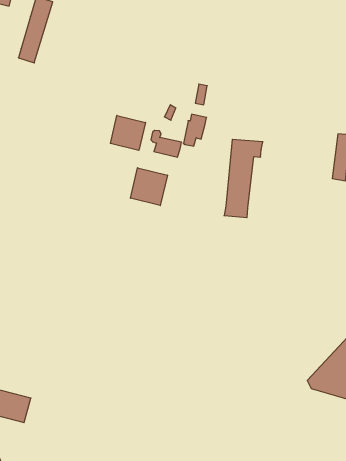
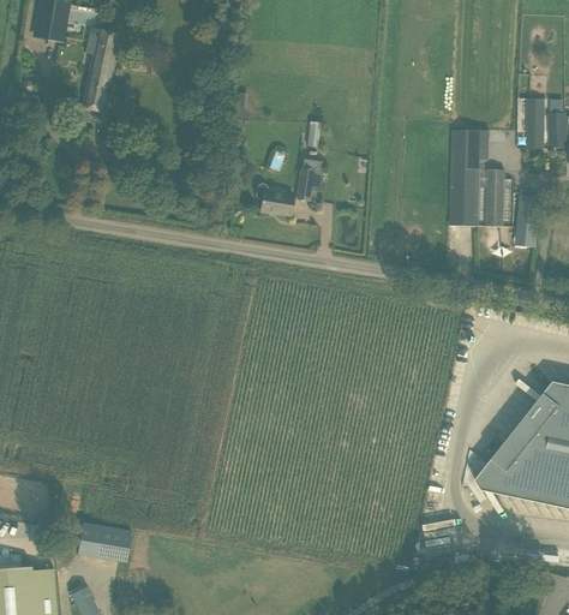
building: [110,115,145,150] -> none
building: [224,139,263,218] -> [449,129,490,225]
building: [130,168,167,206] -> none

